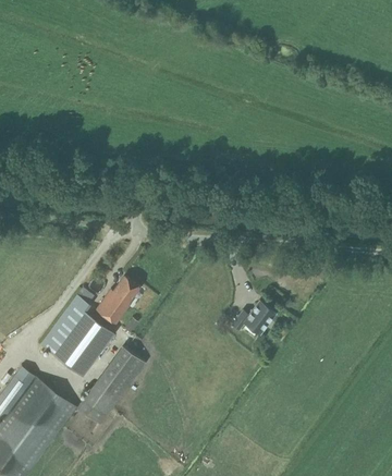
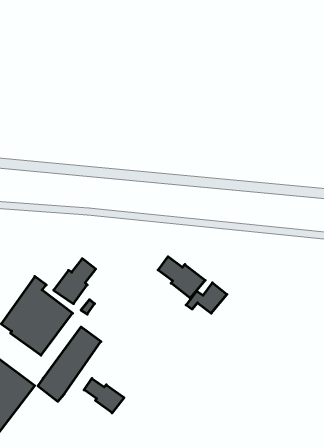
building: none -> [158,257,205,298]
building: none -> [84,378,124,413]

